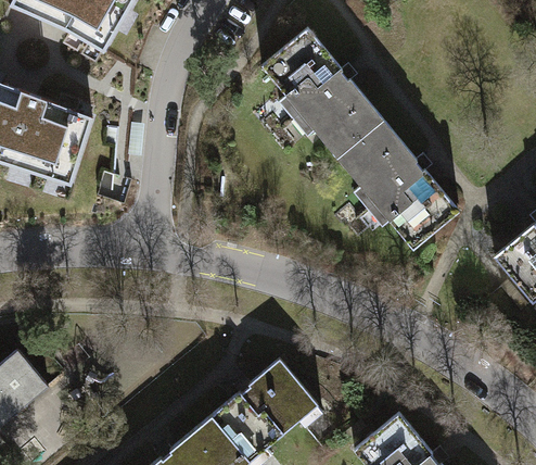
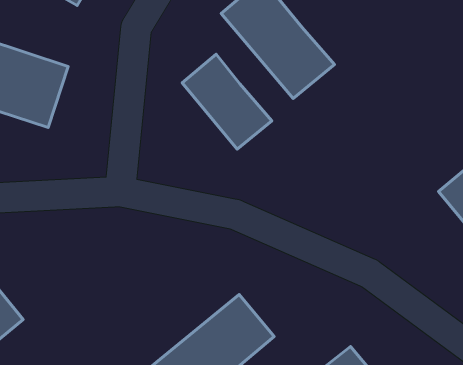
building: none -> [182,54,272,149]
building: [336,113,455,239] -> none

